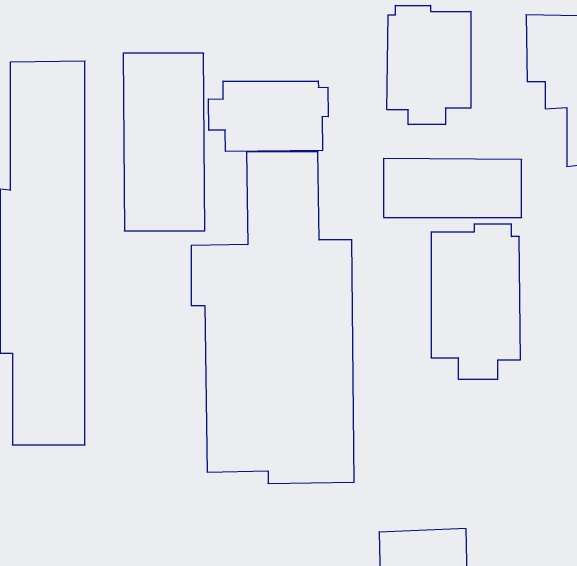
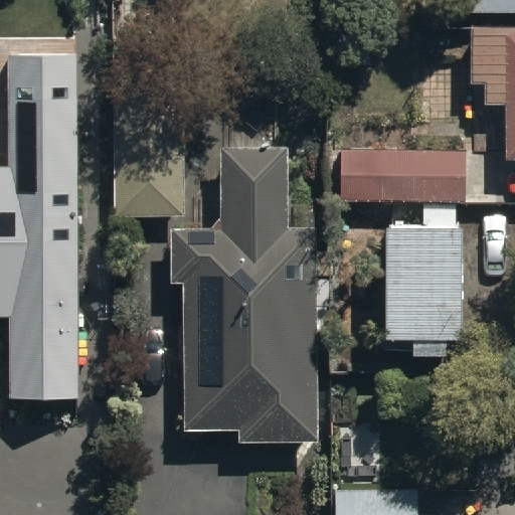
building: [387,5,471,125] -> none
building: [208,81,328,151] -> none

